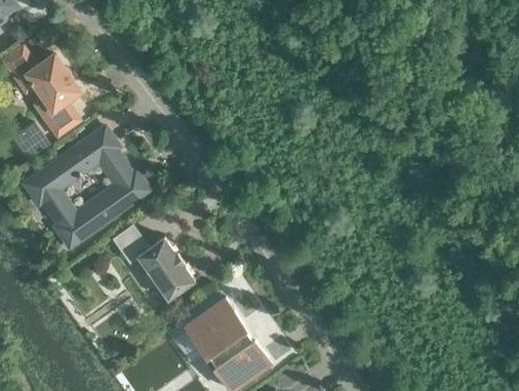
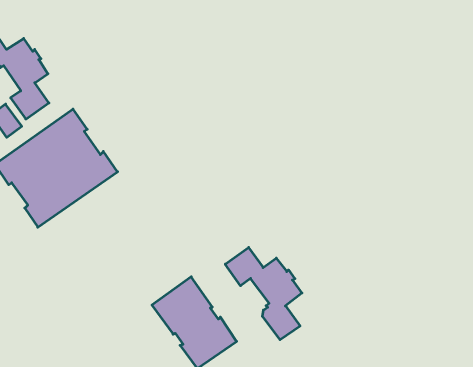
building: [120,236,193,299] -> none
building: none -> [225,247,302,340]

